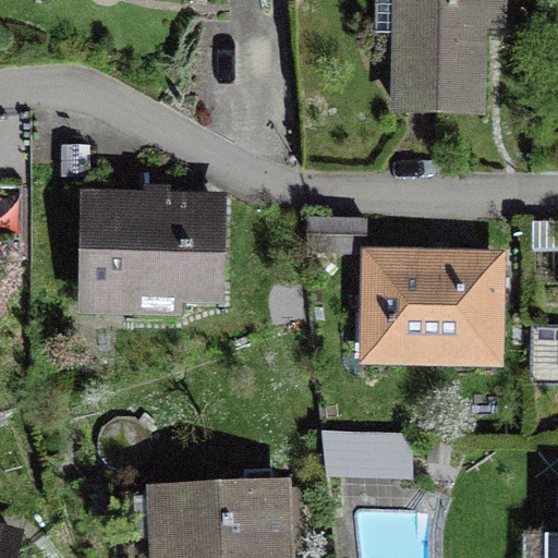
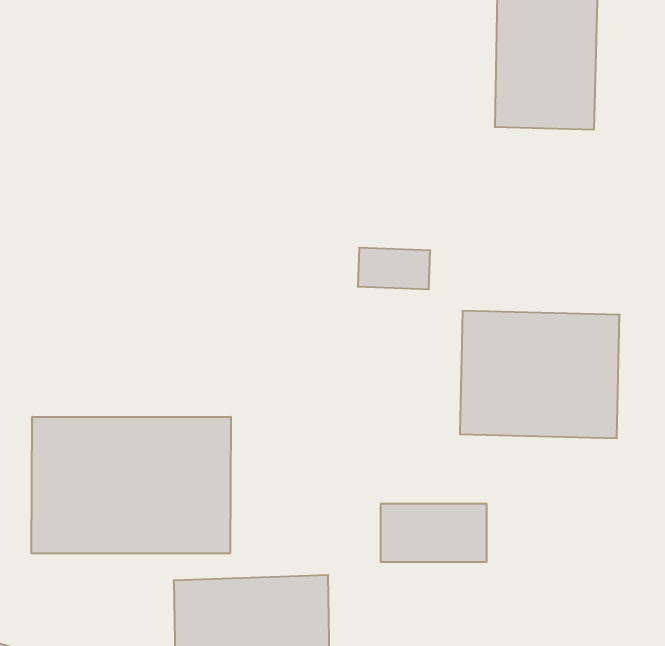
building: [77,195,208,296] -> none
building: none -> [32,417,231,553]

